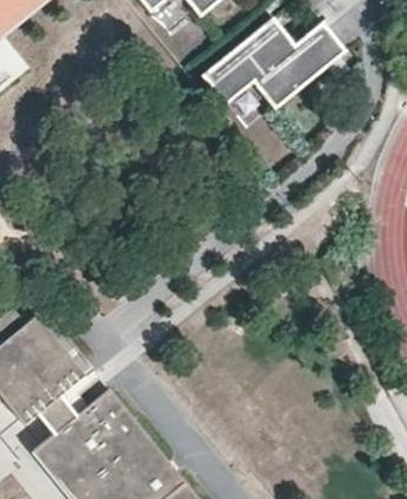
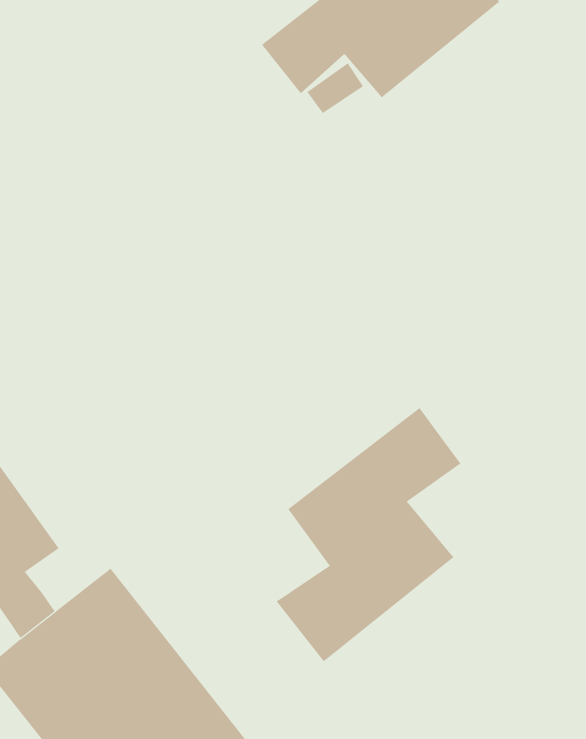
building: none -> [276,407,461,662]

